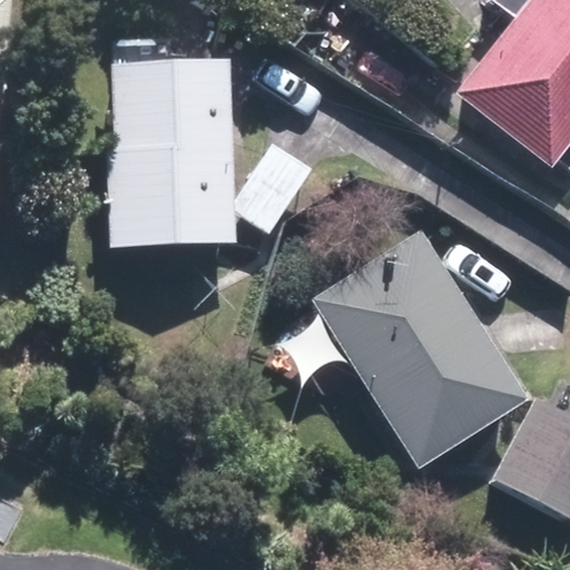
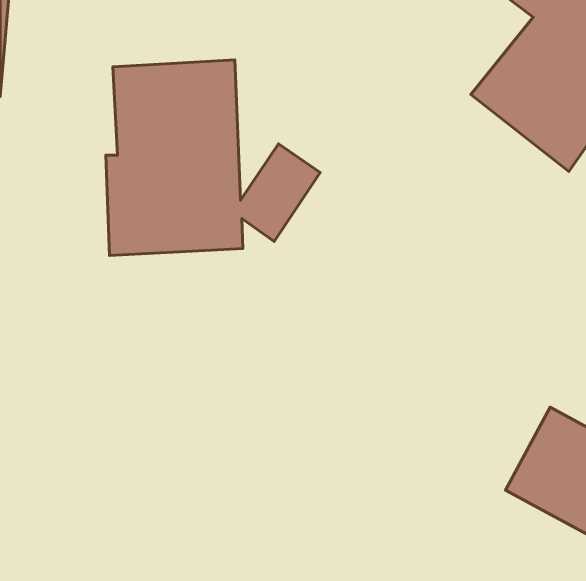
building: [313,233,527,469] -> none

